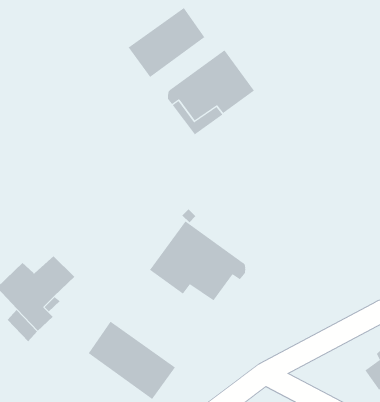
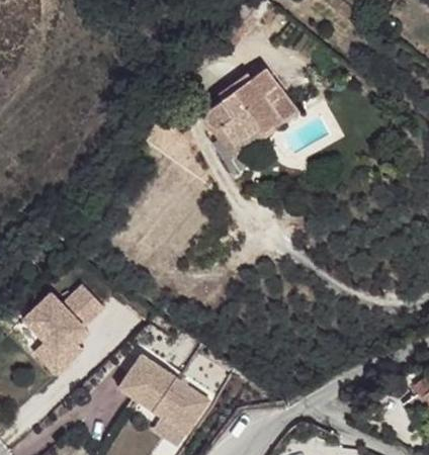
building: [128,7,205,78] -> none
building: [149,220,246,301] -> none

